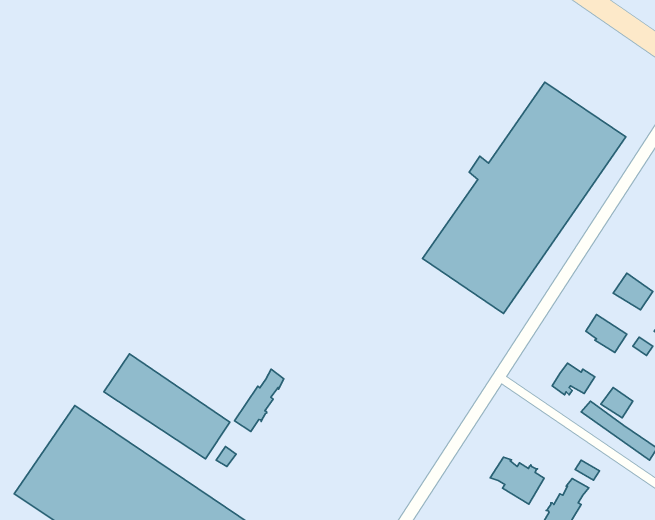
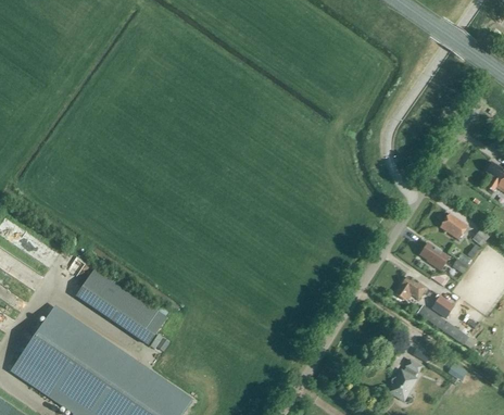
building: [422,82,626,313] -> none
building: [234,369,284,431] -> none
building: [490,457,544,504] -> none

